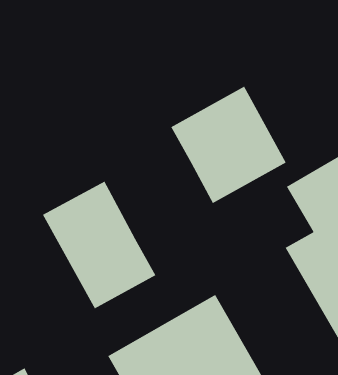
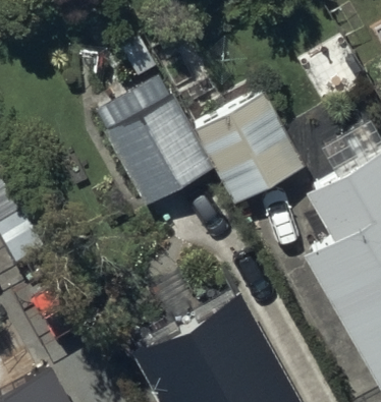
building: [42,181,156,310] -> [99,77,212,205]

